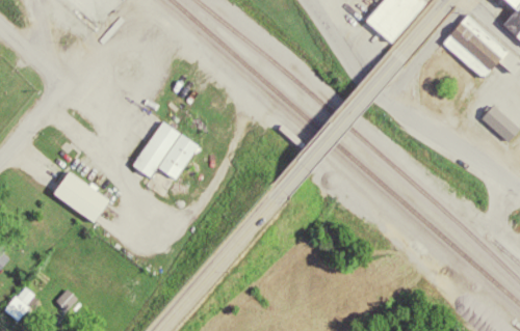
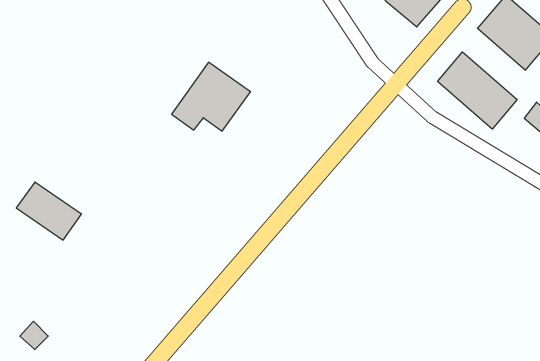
building: none -> [438,52,517,129]
building: [130,121,197,180] -> [172,62,251,131]

